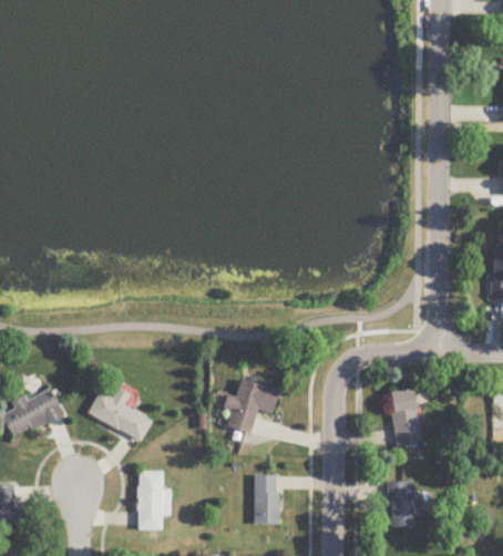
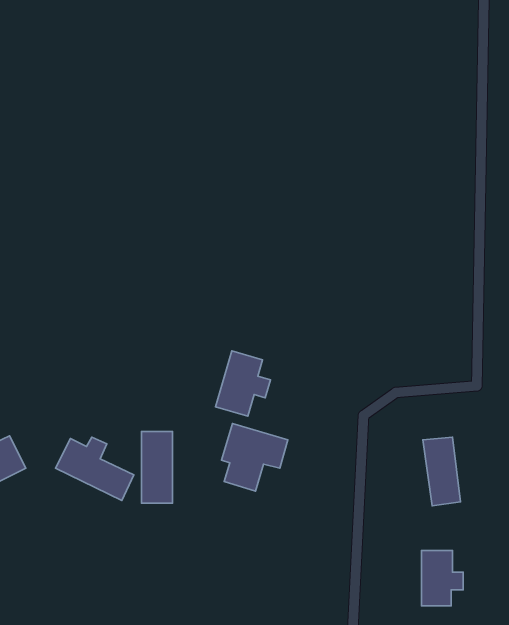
building: none -> [216,351,270,416]
building: [138,471,164,529] -> [141,432,172,503]
building: [255,474,279,523] -> none

